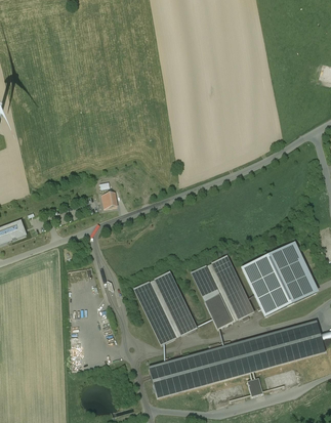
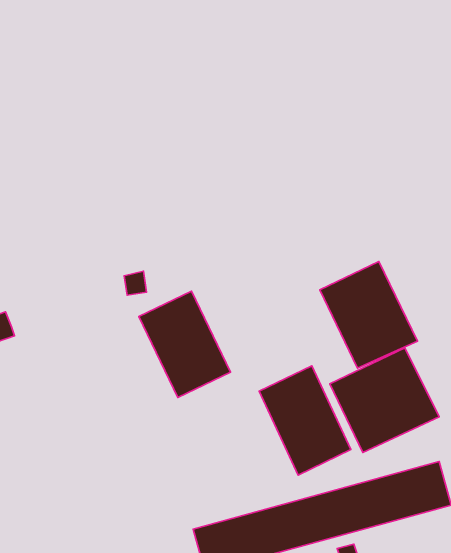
building: none -> [320,262,417,368]
building: [135,271,198,344] -> [139,291,230,397]

